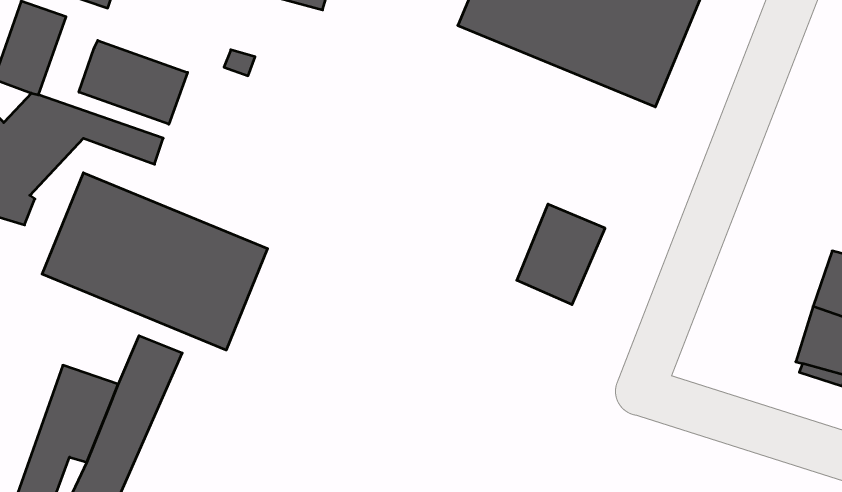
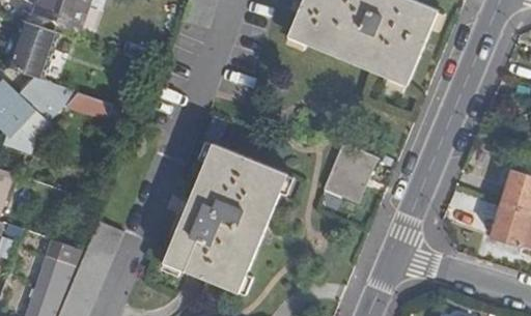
building: [79,40,188,124] -> none
building: [42,173,268,350] -> none
building: none -> [162,143,286,291]

